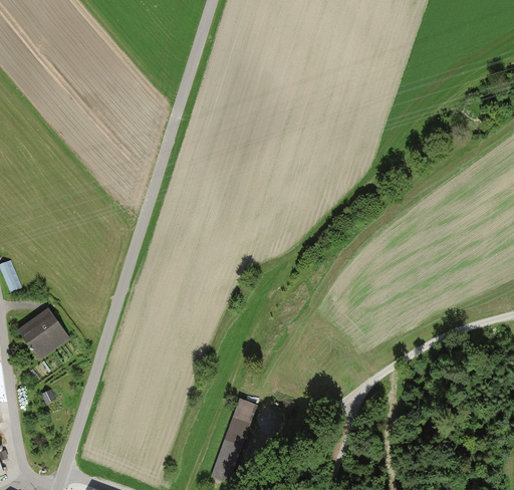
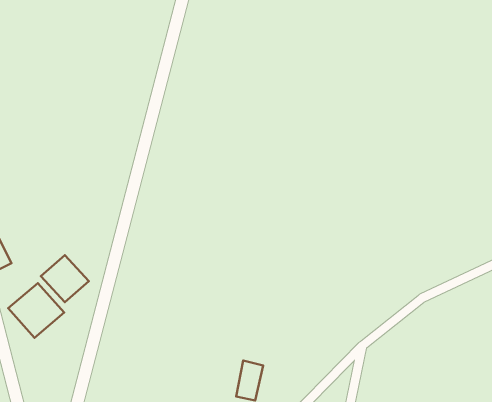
building: none -> [41,255,89,302]

